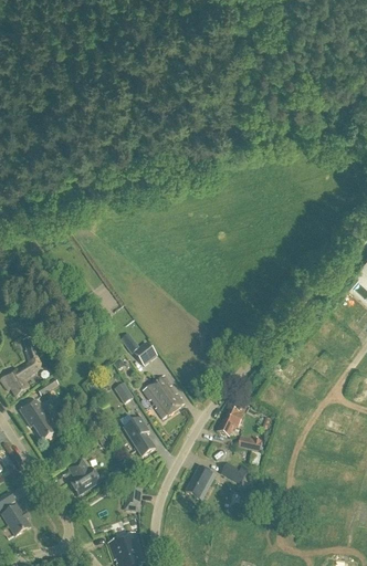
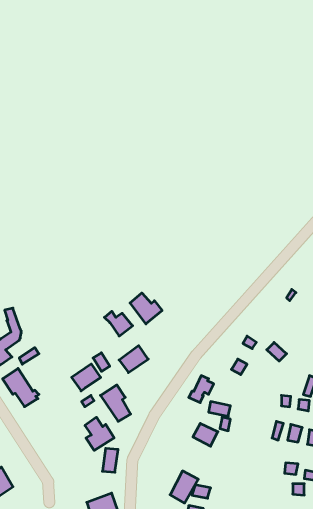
building: none -> [130,293,162,324]
building: [153,391,184,420] -> [72,364,101,391]
building: [69,461,99,496] -> [85,417,114,450]
building: [186,468,216,502] -> [170,471,198,503]

